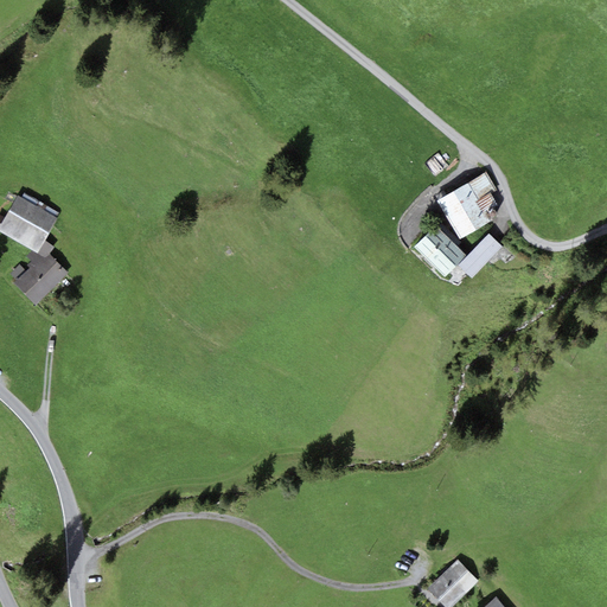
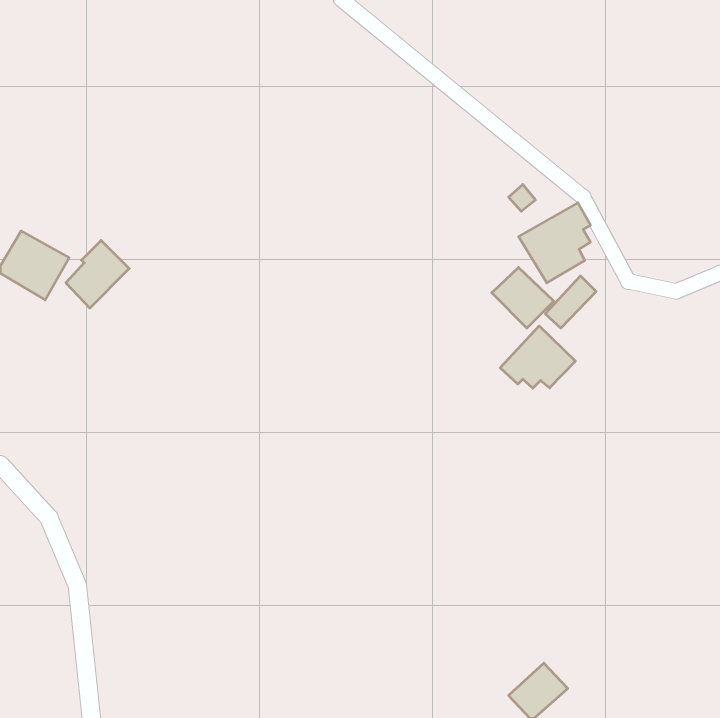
building: [14,248,68,305] -> [66,240,129,308]
building: none -> [500,326,575,388]

